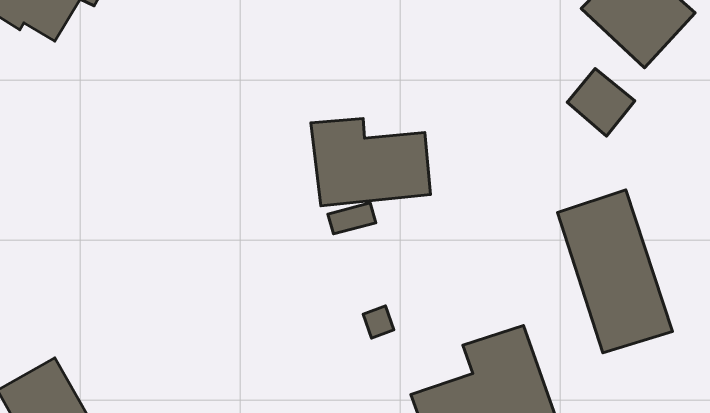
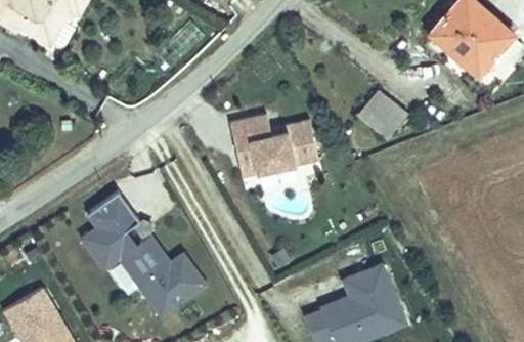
building: [567,68,635,136] -> [354,91,403,140]
building: [558,190,672,353] -> none
building: none -> [79,193,209,319]

